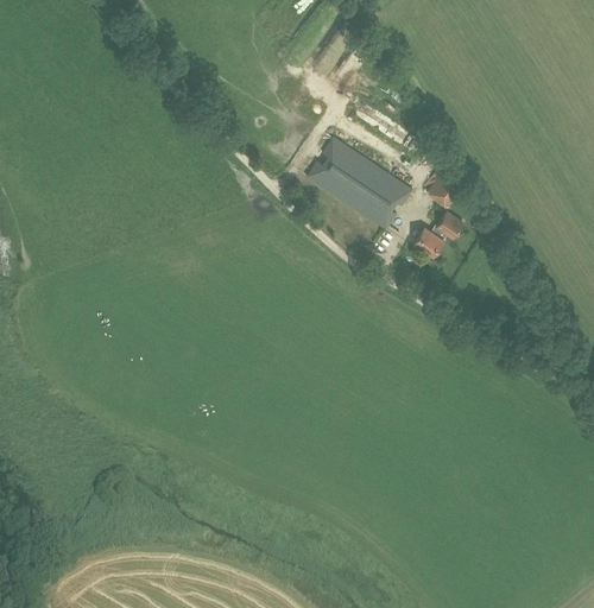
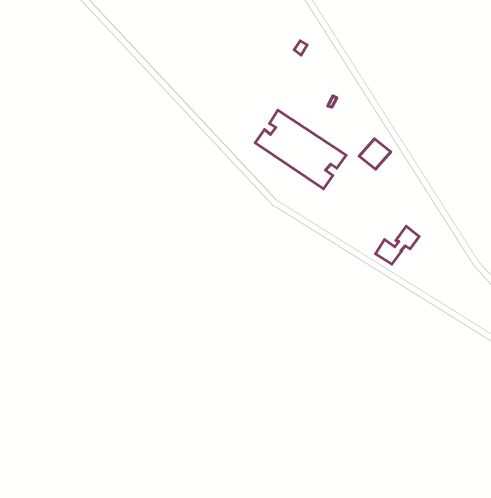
building: [412,210,463,254] -> [375,226,419,264]

